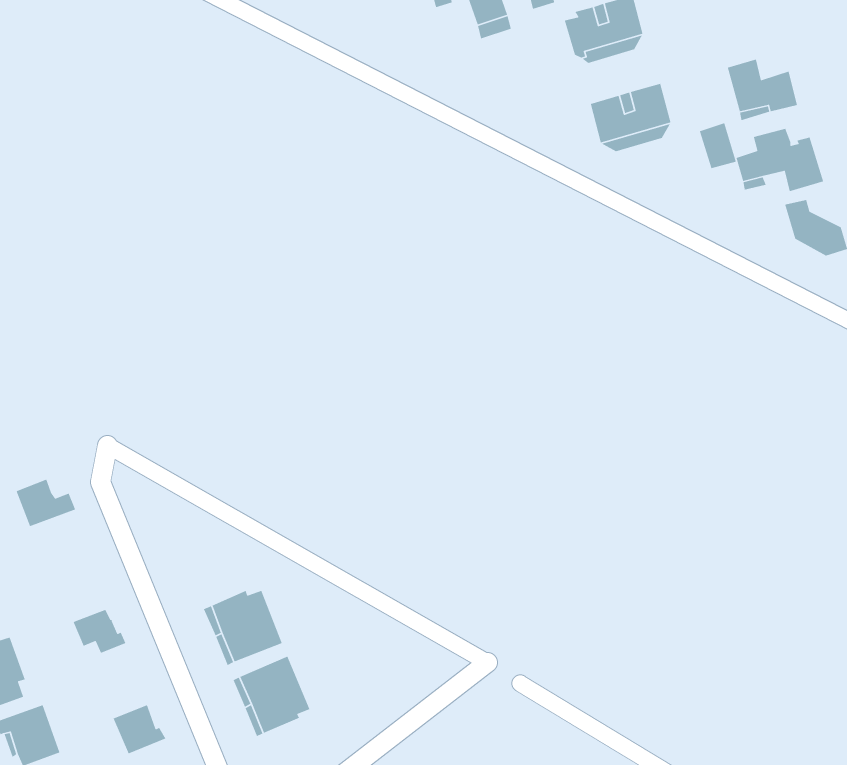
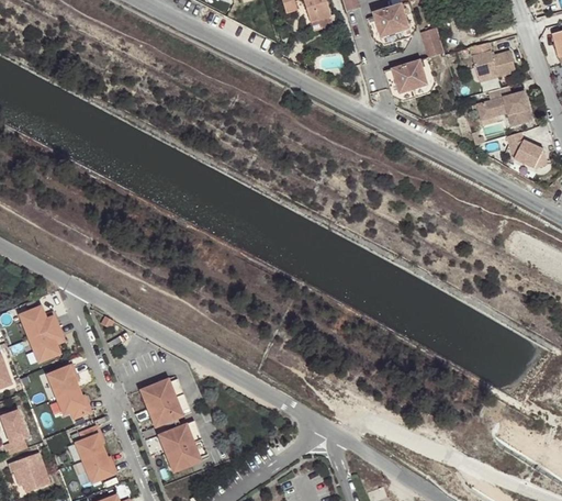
building: [699,122,737,169] -> [420,27,445,57]
building: none -> [29,327,61,361]
building: none -> [47,366,77,398]
building: none -> [75,426,103,459]

